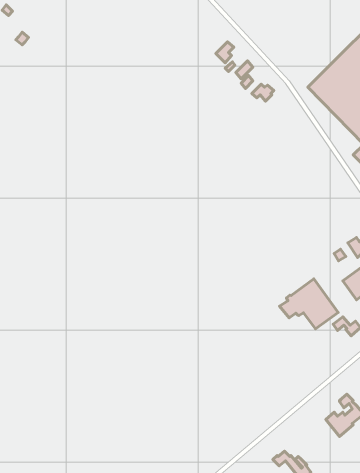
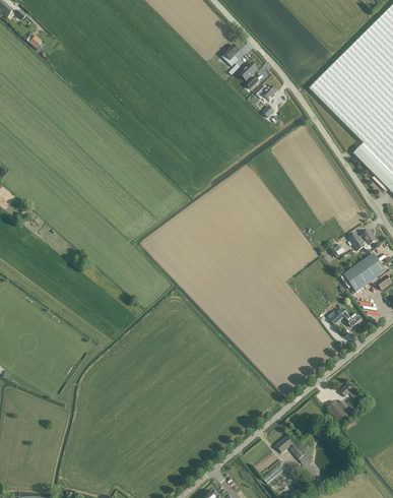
building: [279,279,338,329] -> none

